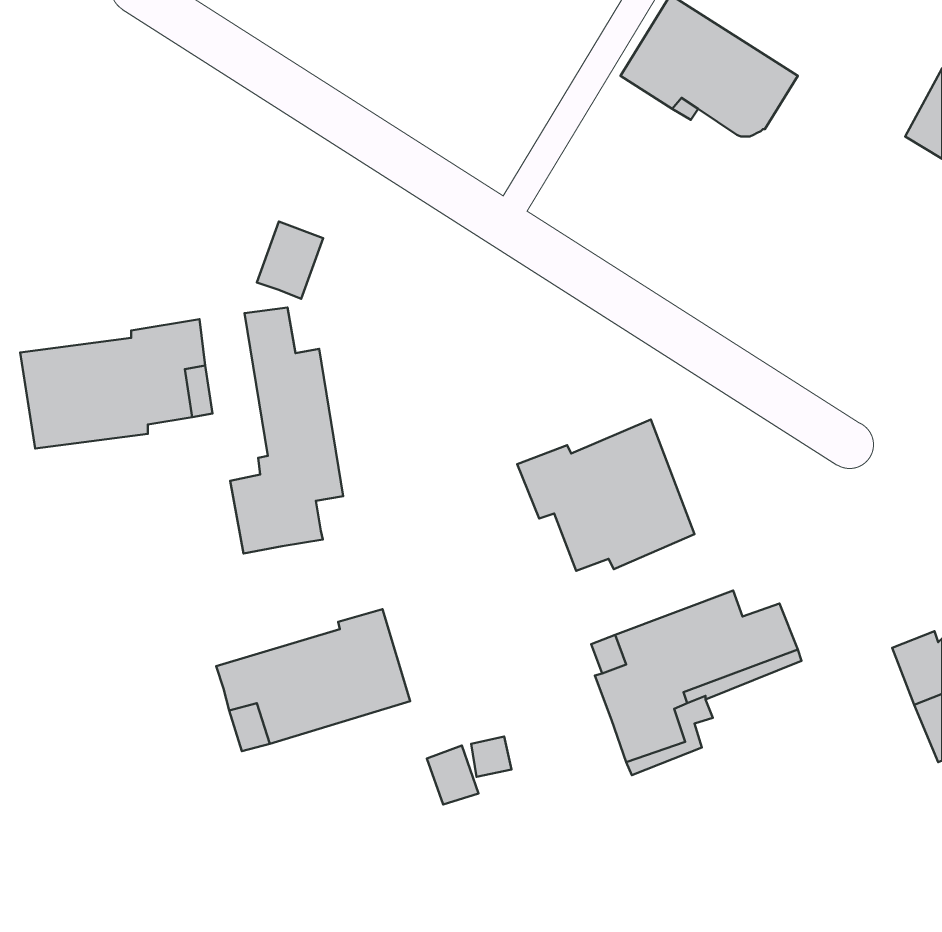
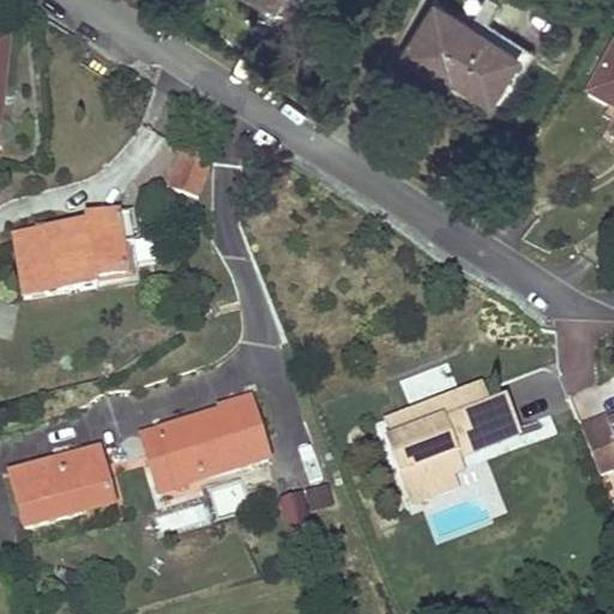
building: [230,308,343,554] -> none
building: [517,419,695,571] -> none
building: none -> [10,446,114,528]

